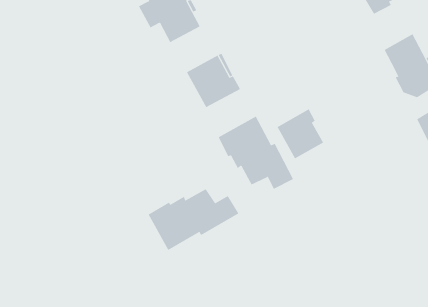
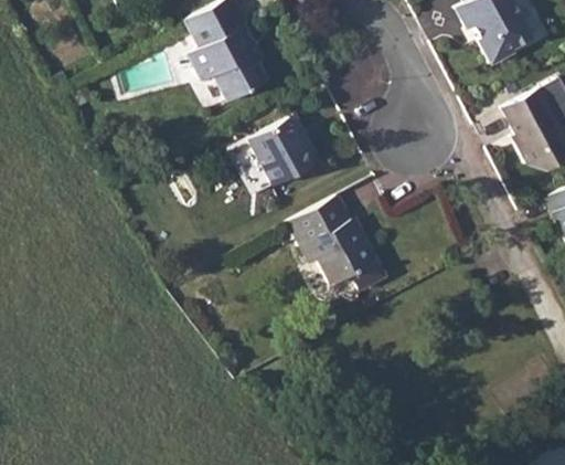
building: [277,109,324,159] -> none
building: [148,188,239,251] -> none

